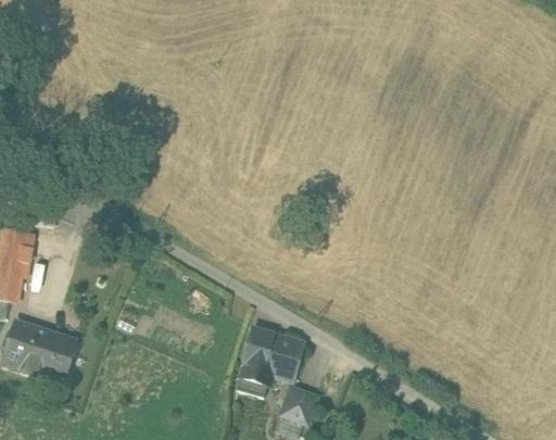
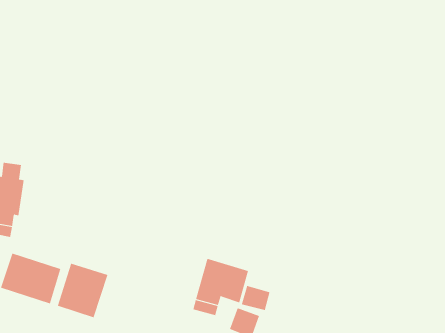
building: none -> [57,263,108,318]
building: none -> [241,285,270,311]

